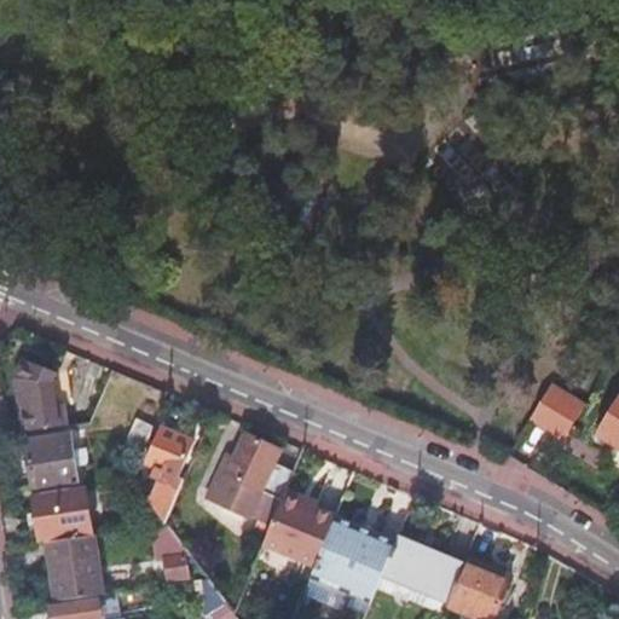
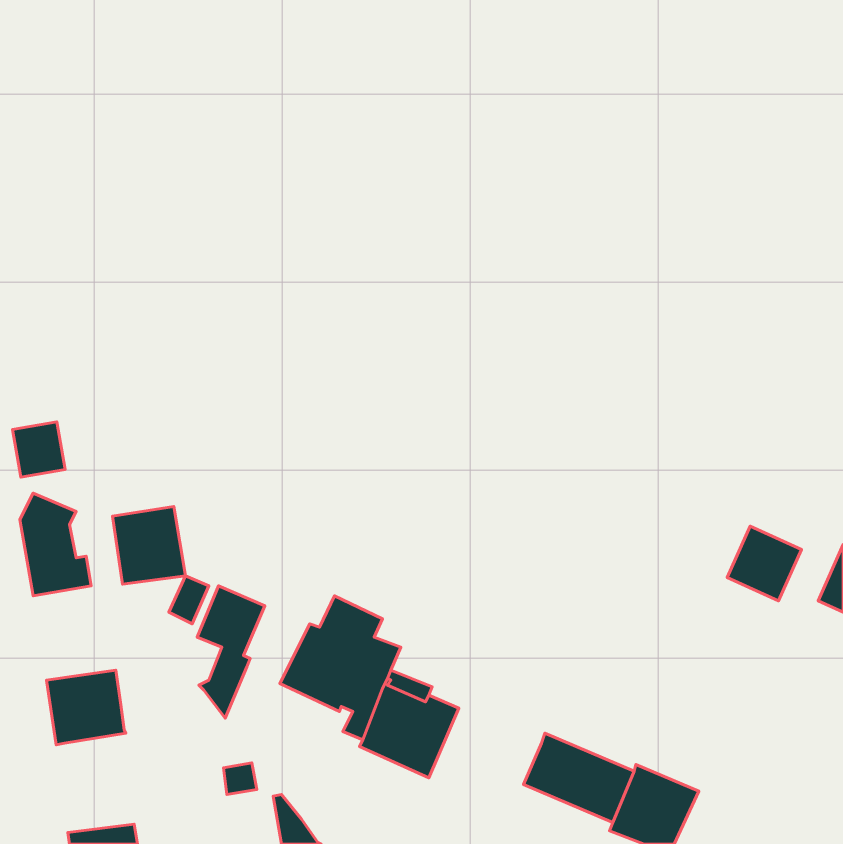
building: none -> [12,422,65,477]
building: [25,435,79,492] -> [113,506,185,584]
building: [308,517,395,604] -> none
building: [47,536,103,603] -> none

